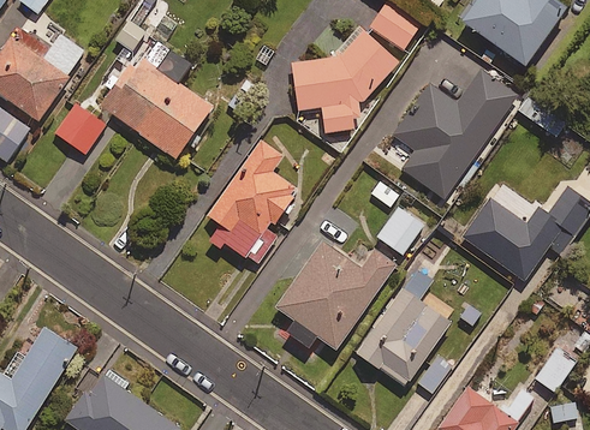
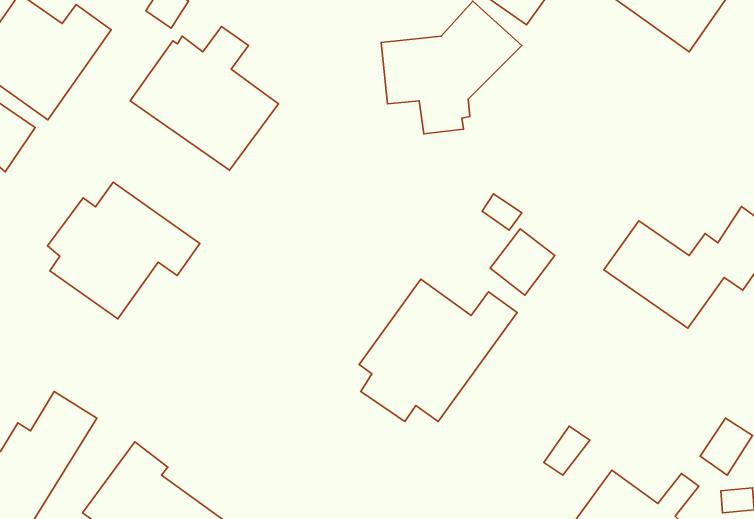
building: [393,70,517,198] -> none
building: [55,104,105,154] -> none
building: [207,139,297,264] -> none
building: none -> [48,182,200,319]
building: [356,270,449,388] -> none

